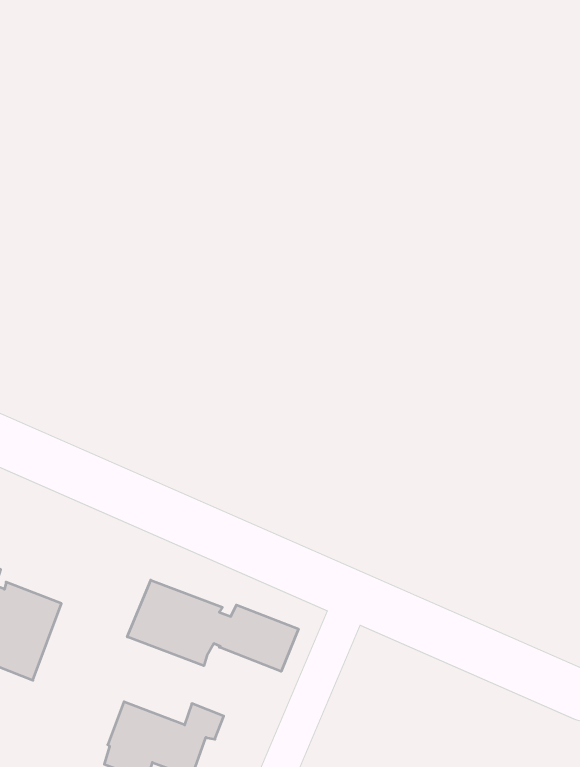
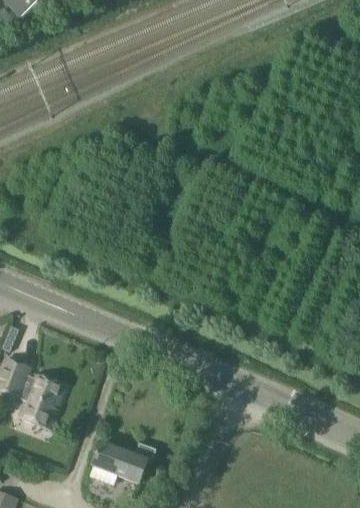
building: [127,580,298,671] -> none

